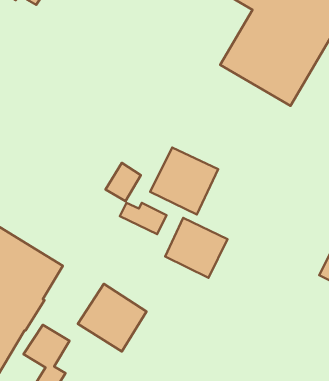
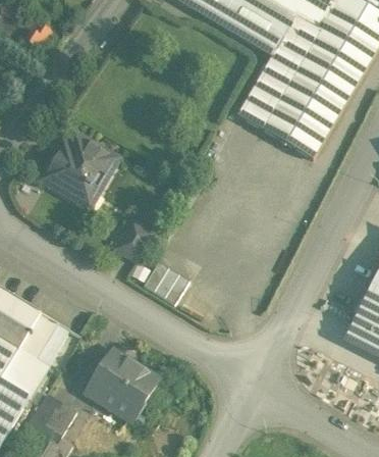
building: none -> [48,139,111,198]
building: [150,147,218,214] -> none
building: [165,218,227,278] -> none

